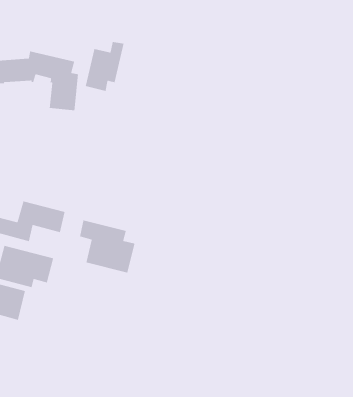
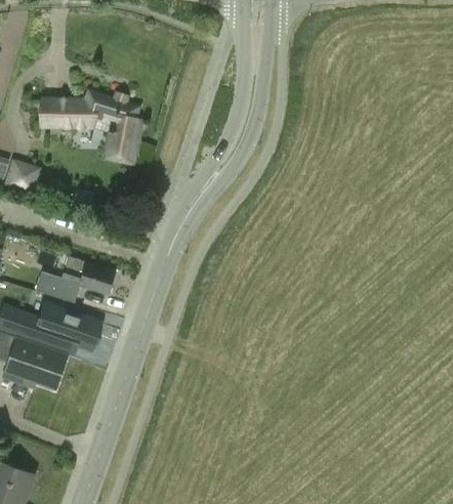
building: [85,41,124,92] -> none
building: [79,220,136,274] -> none

